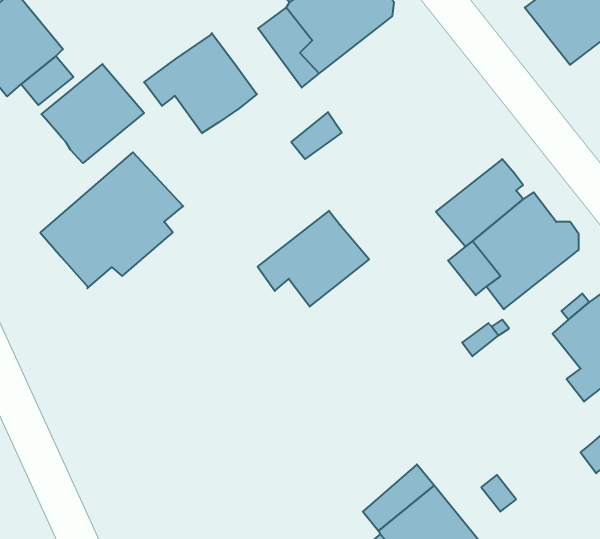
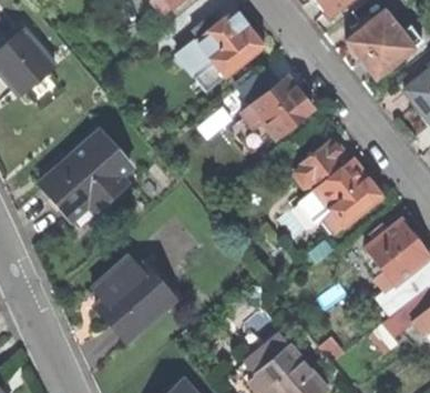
building: [144,33,257,133] -> none
building: [41,64,144,163] -> none
building: [258,211,369,307] -> [244,77,315,138]
building: none -> [93,258,174,342]

